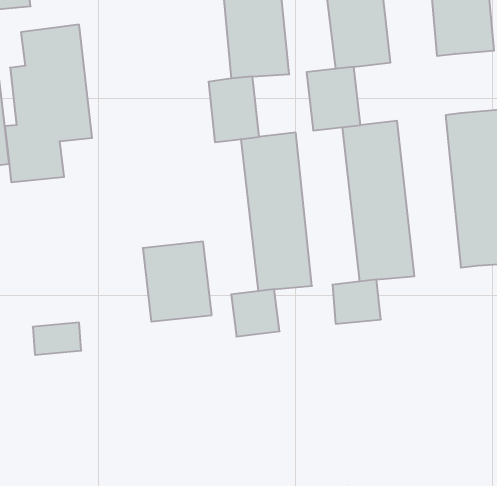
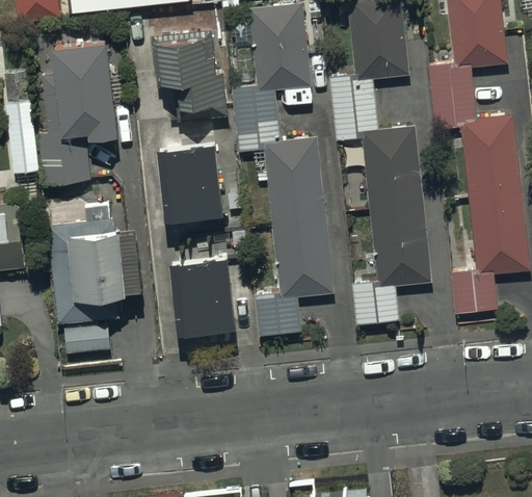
building: none -> [152,23,228,114]
building: none -> [428,67,476,129]
building: none -> [157,133,223,211]
building: none -> [46,201,139,326]
building: none -> [451,270,497,317]

